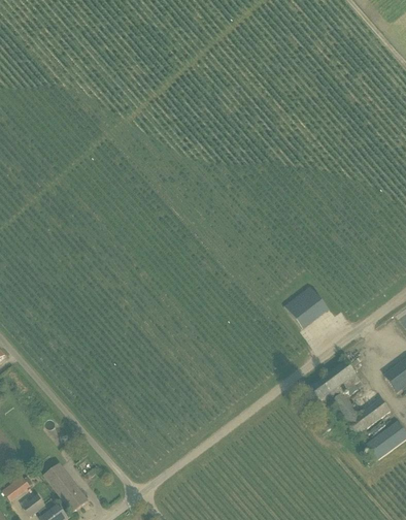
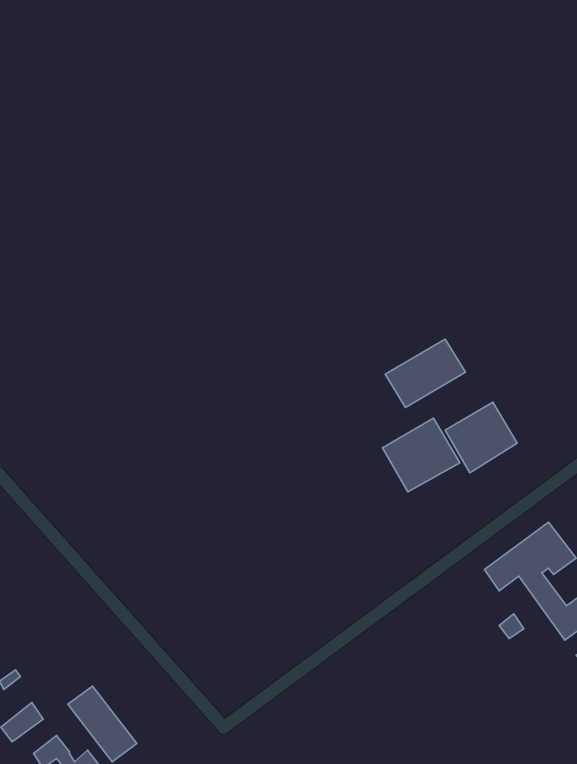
building: none -> [385,339,465,407]
building: none -> [383,418,460,492]

